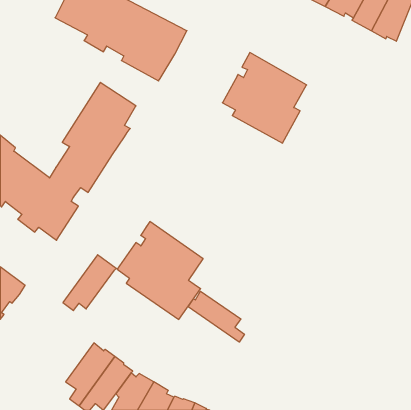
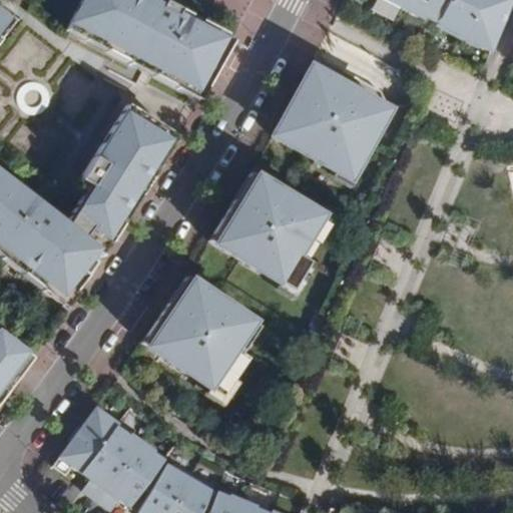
building: none -> [214,171,323,289]
building: [63,255,116,311] -> [55,406,121,475]
building: [188,291,244,342] -> none

